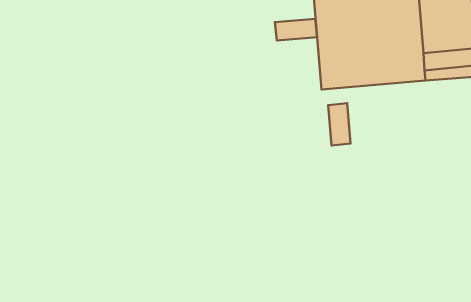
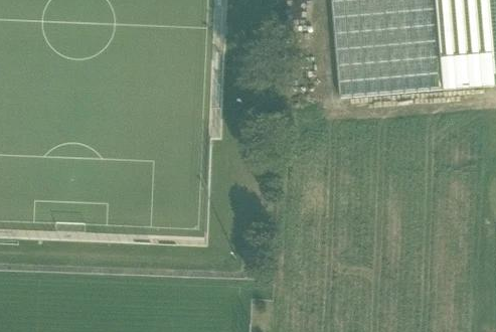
building: [275,19,317,40] -> none
building: [328,103,350,146] -> none

